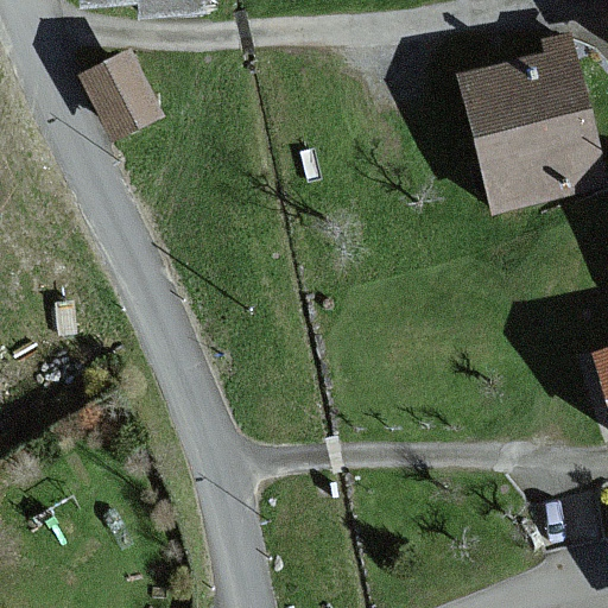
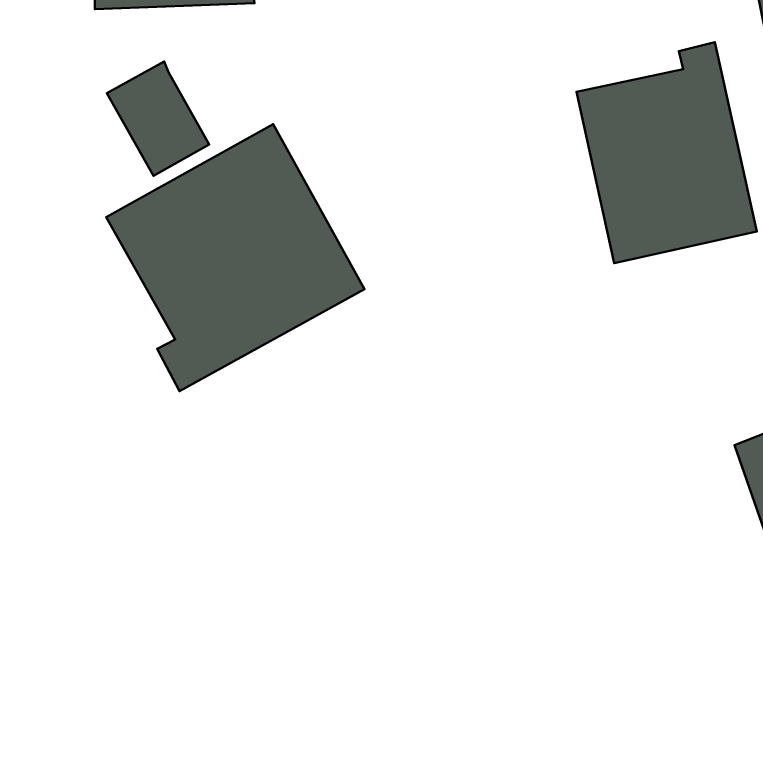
building: none -> [106,124,365,391]

